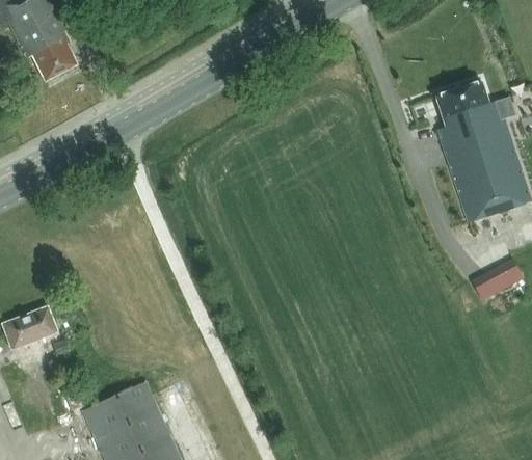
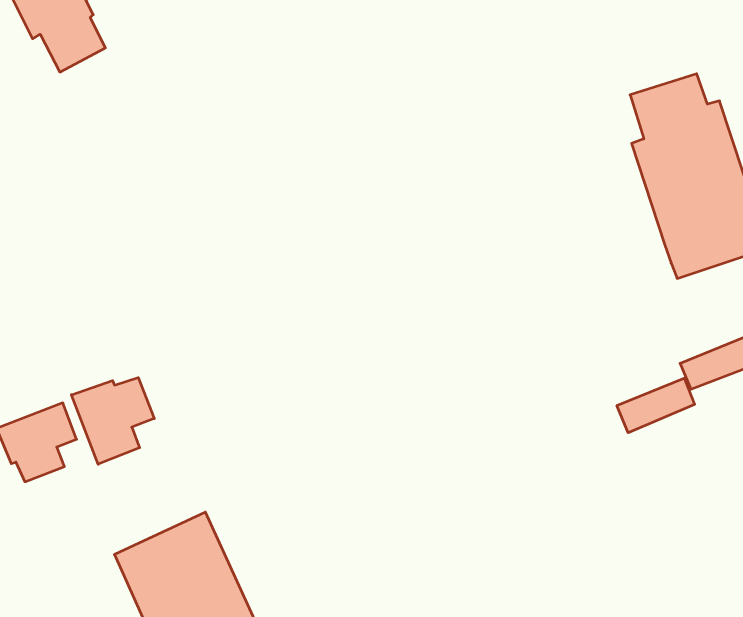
building: none -> [71,378,154,464]
building: none -> [617,378,695,433]

